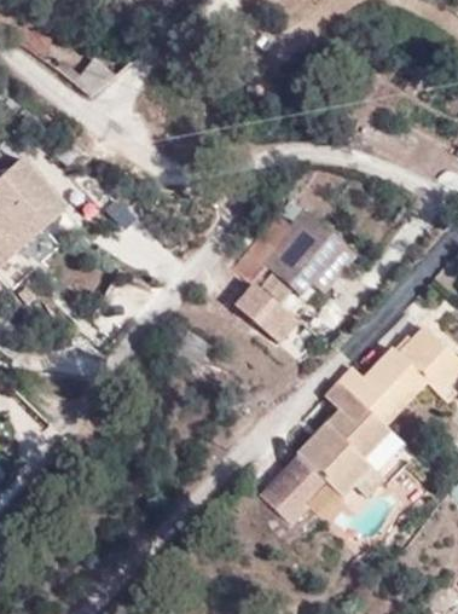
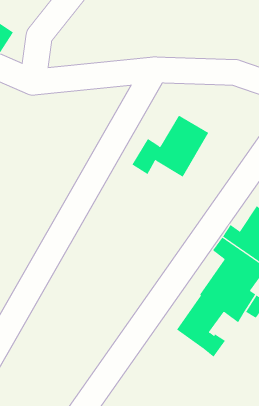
building: [236,285,297,343] -> none

